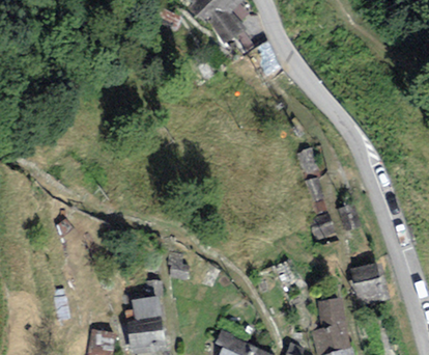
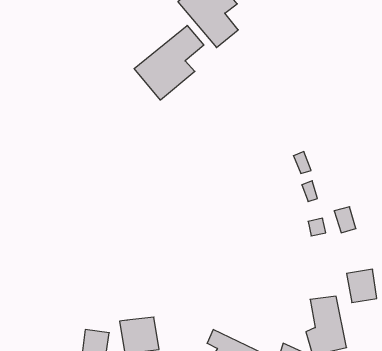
building: none -> [134,25,204,100]
building: [132,278,164,320] -> none

